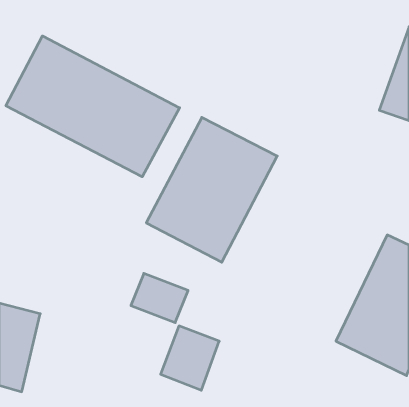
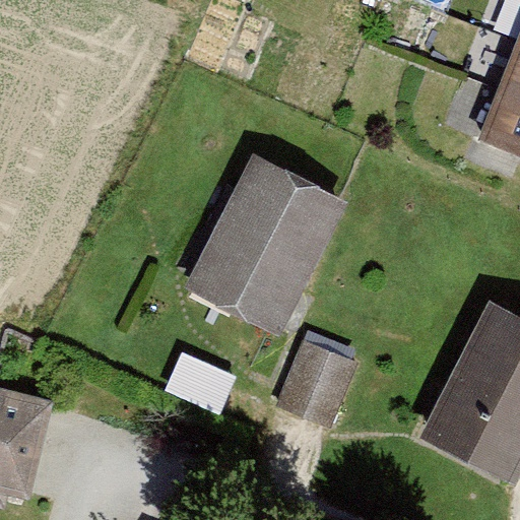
building: [6,36,180,177] -> none
building: [161,326,219,390] -> [281,340,355,421]

